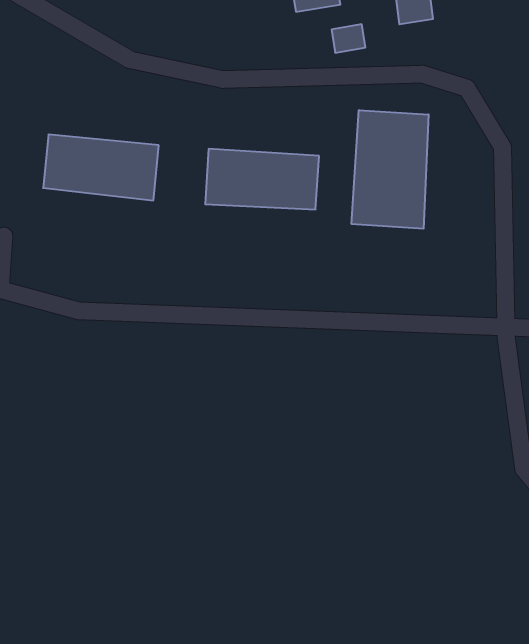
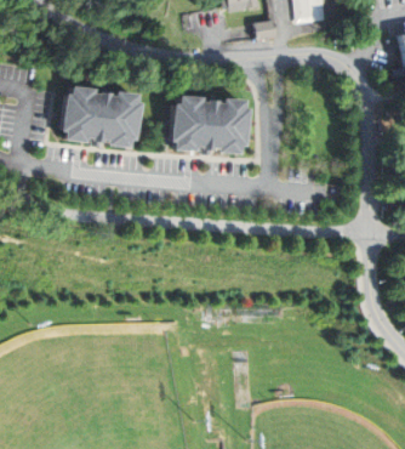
building: [352,110,429,229] -> none

